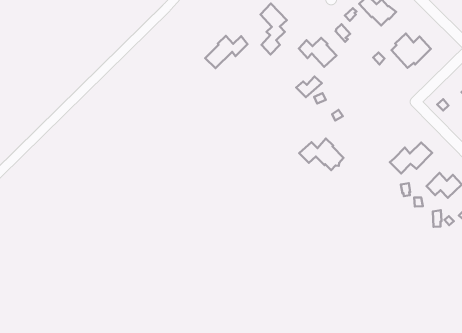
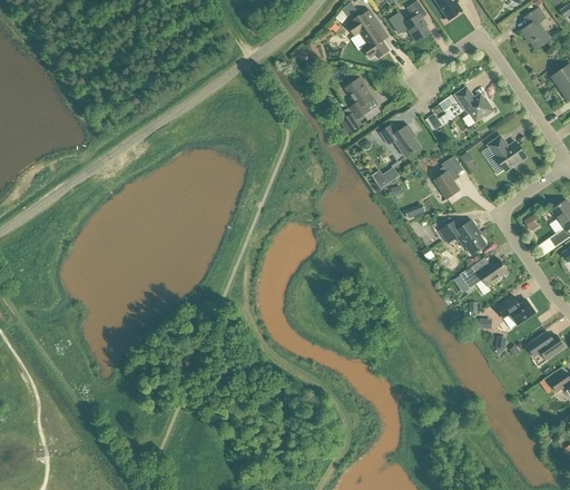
building: [205,36,247,68] -> none
building: none -> [434,158,459,197]
building: [299,139,343,170] -> [439,218,487,254]

